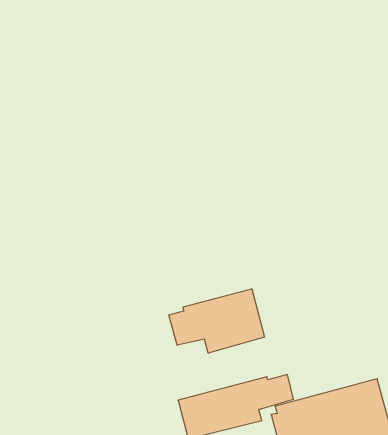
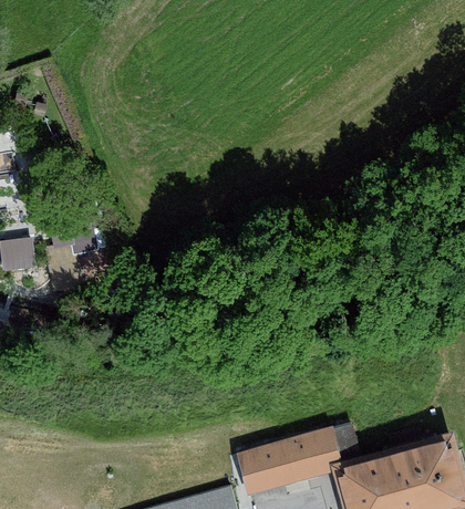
building: [169,289,264,353] -> none

